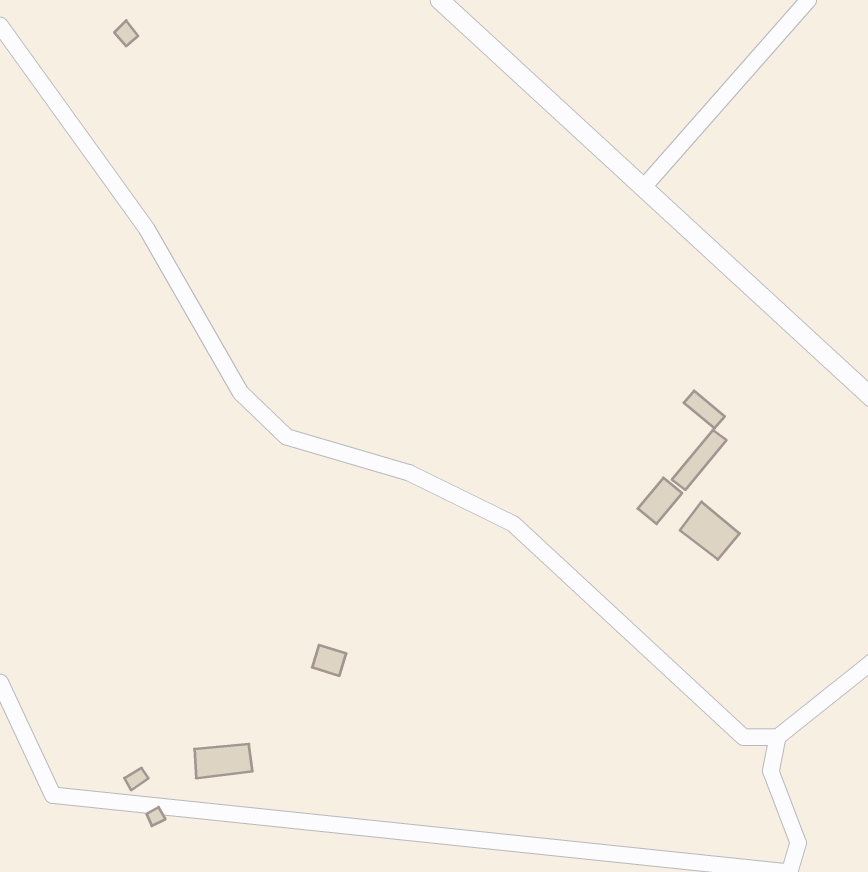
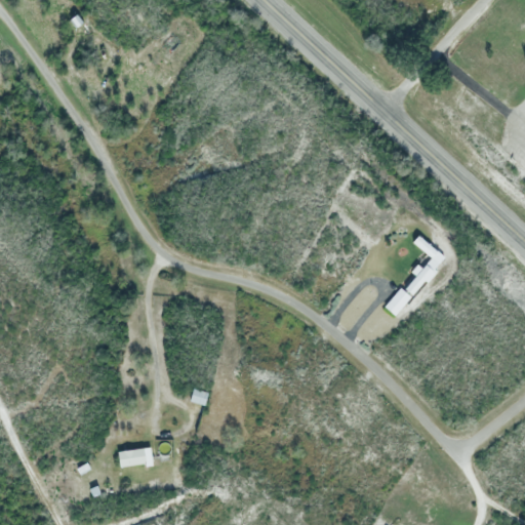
building: [680,502,740,560] -> none

